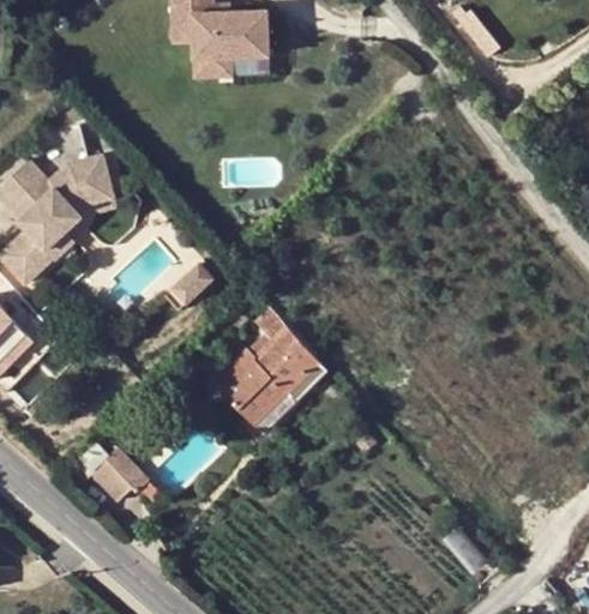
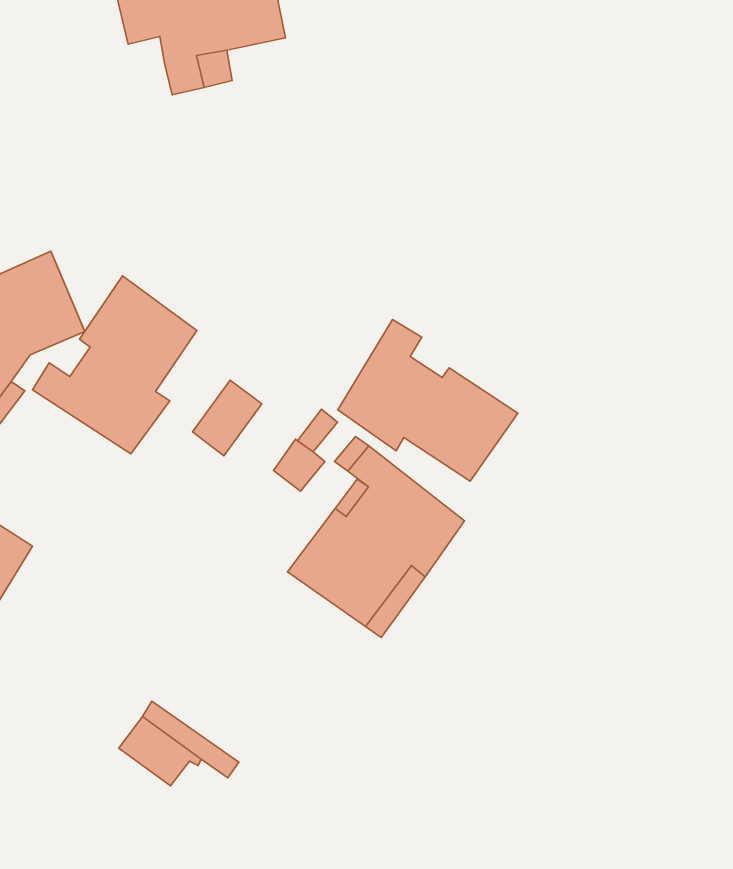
building: none -> [32,276,197,454]
building: none -> [338,320,518,481]

